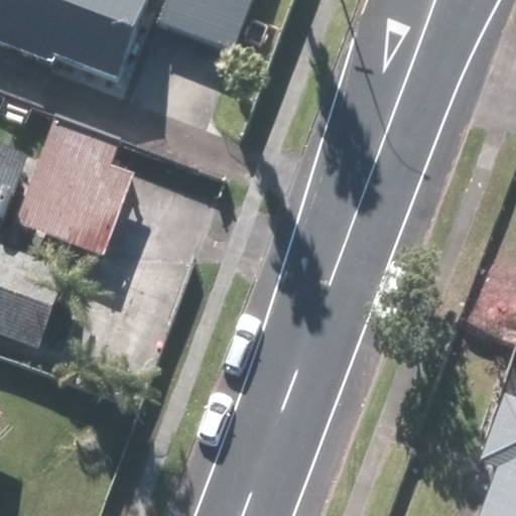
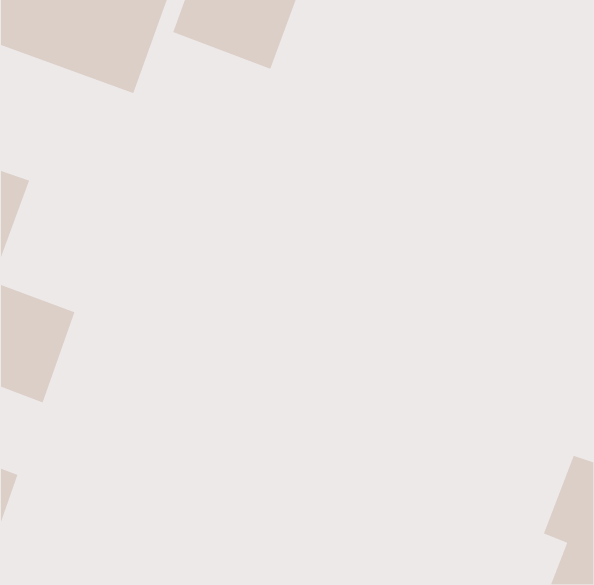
building: [22,117,129,259] -> none

